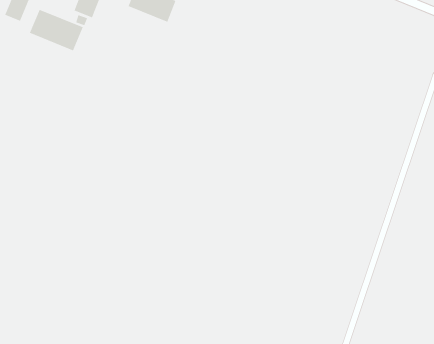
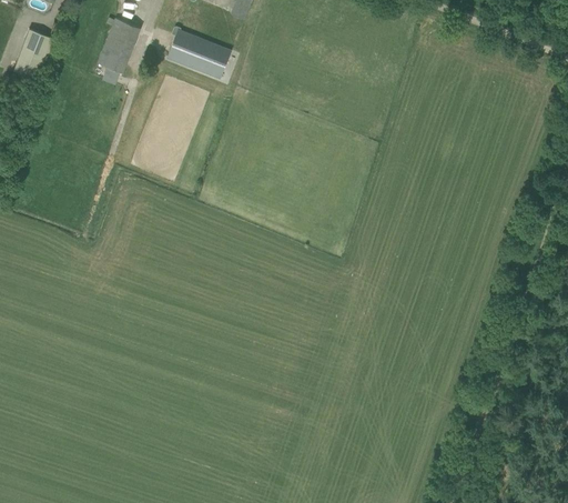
building: [29,9,84,51] -> none

